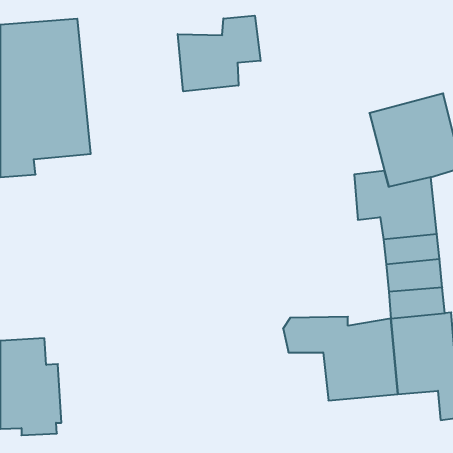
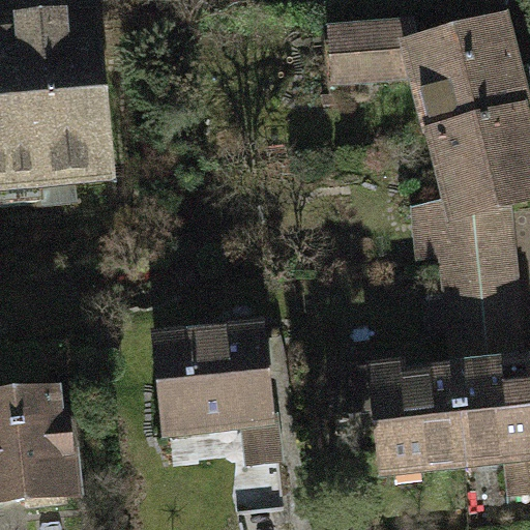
building: [178,16,261,91] -> none
building: none -> [333,25,523,131]
building: none -> [156,329,269,430]

